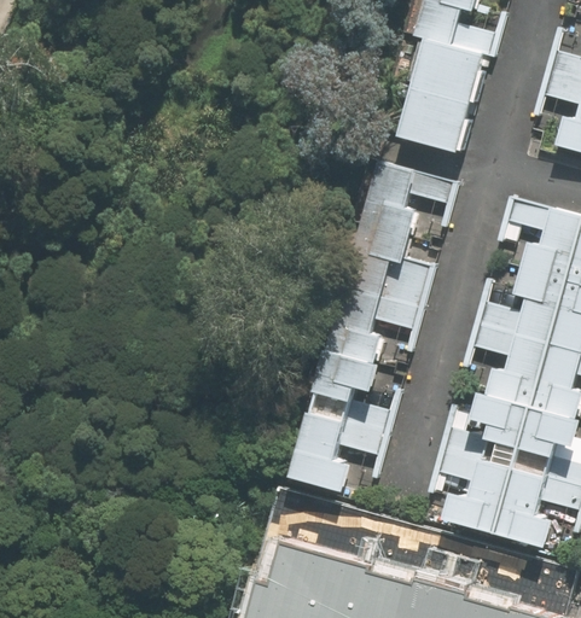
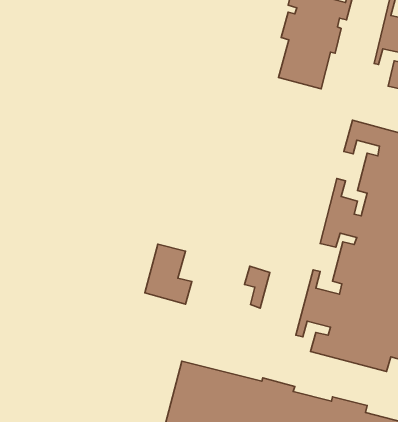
building: [316,158,461,401] -> none
building: [292,412,358,495] -> [145,244,192,304]

